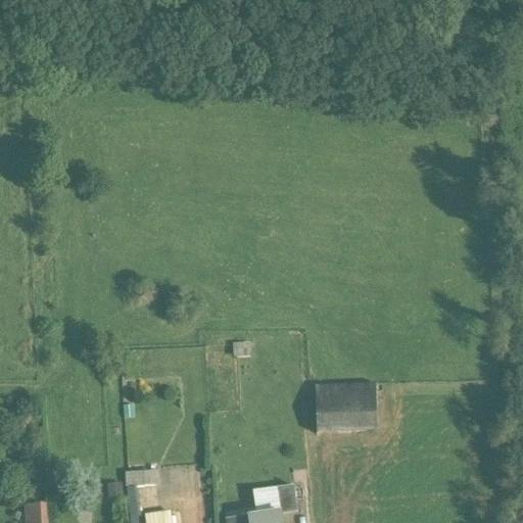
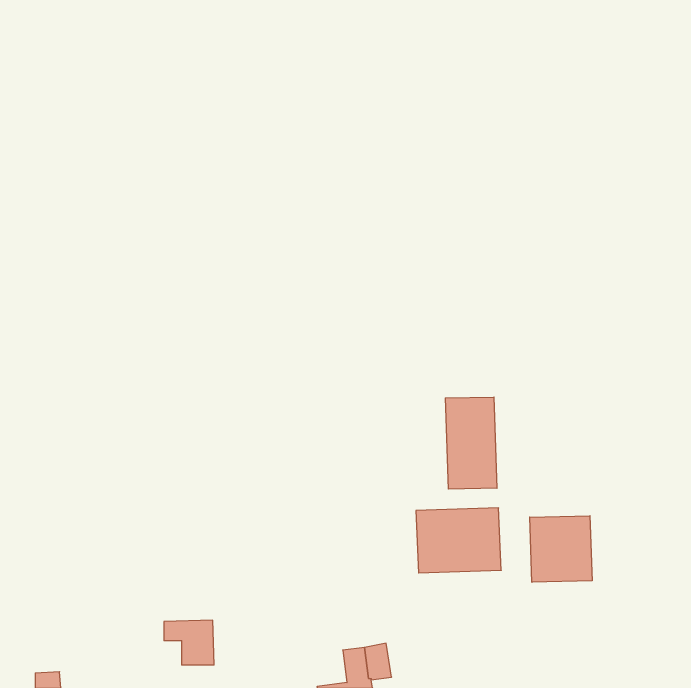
building: none -> [445,397,497,489]
building: none -> [530,516,592,582]

